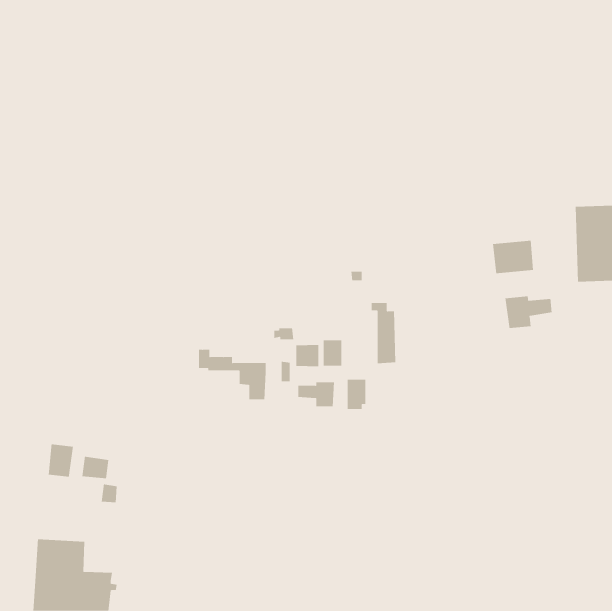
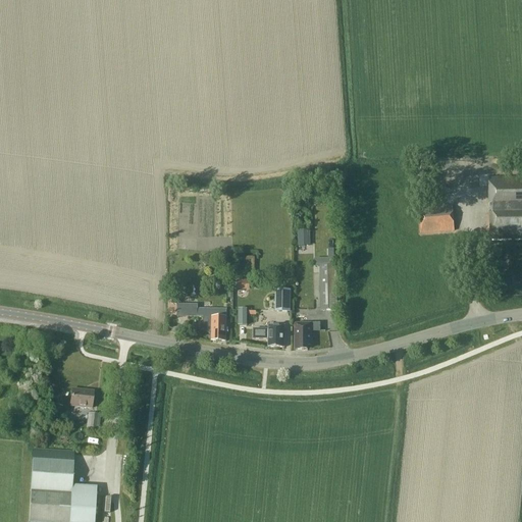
building: [505,296,552,329] -> none
building: [296,344,319,367] -> none
building: [48,443,73,478] -> none

